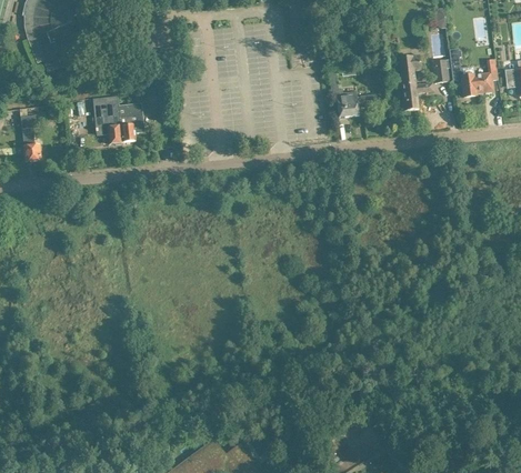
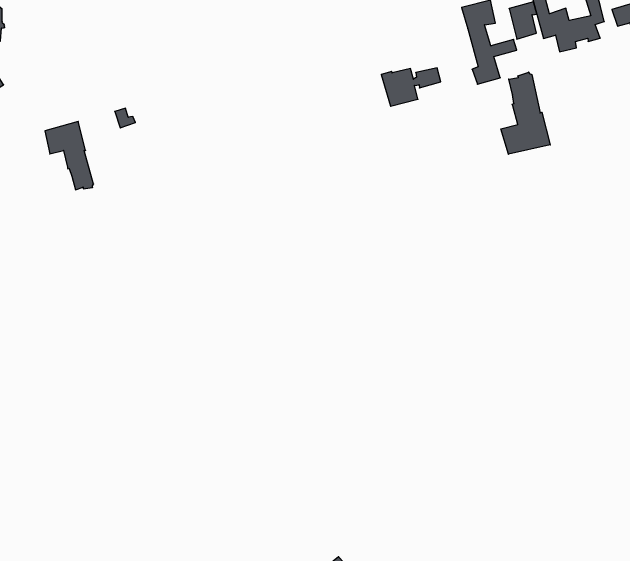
building: none -> [501,72,550,154]
building: [119,114,144,141] -> none

